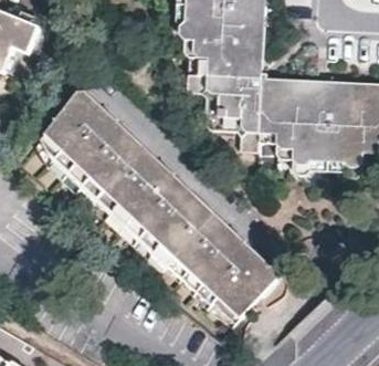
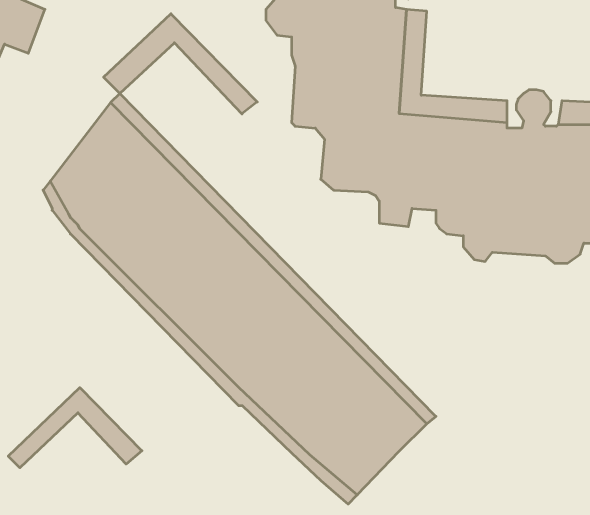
building: none -> [104,14,257,114]
building: none -> [8,388,142,468]

